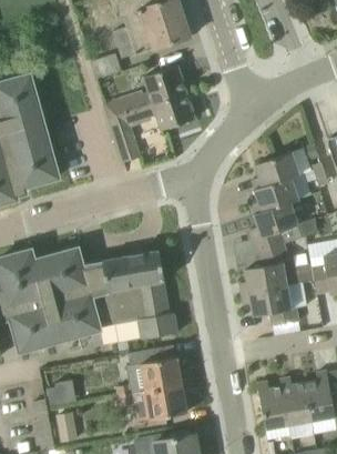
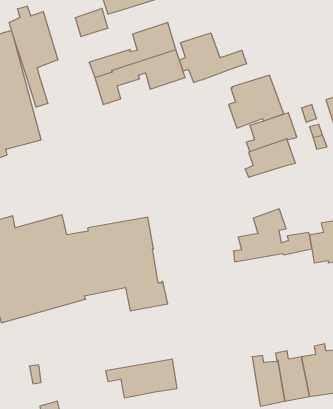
building: none -> [9,6,58,107]
building: none -> [180,33,247,83]
building: [251,201,303,251] -> [229,75,284,128]
building: [241,284,298,325] -> none
building: [118,347,182,395] -> none

